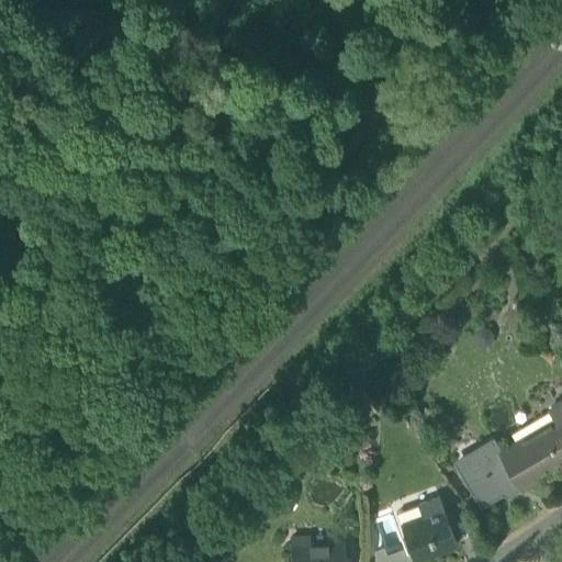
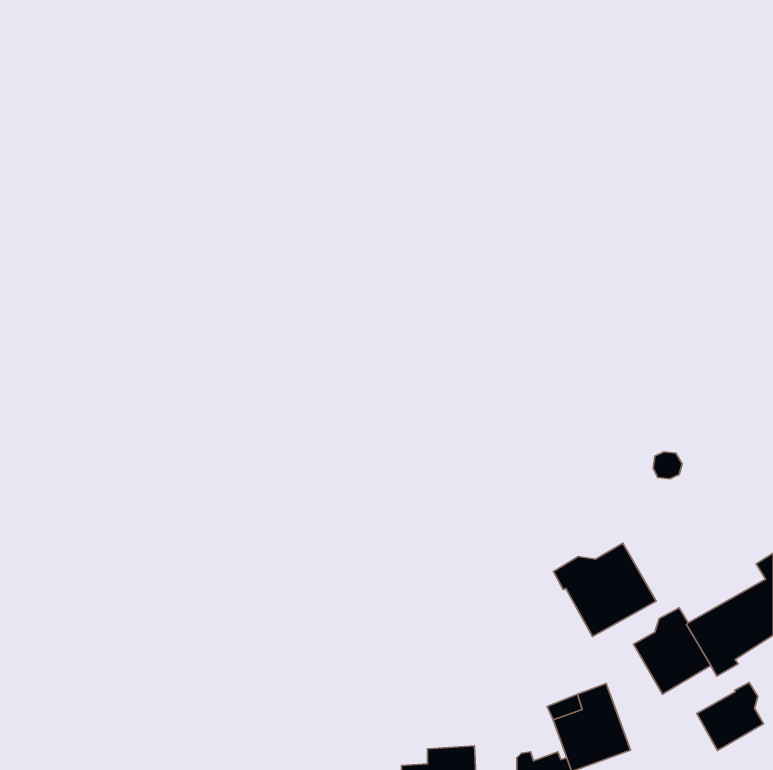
building: none -> [553,543,656,637]
building: none -> [697,682,764,751]

